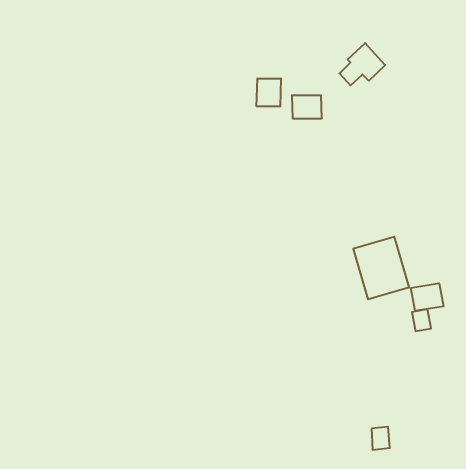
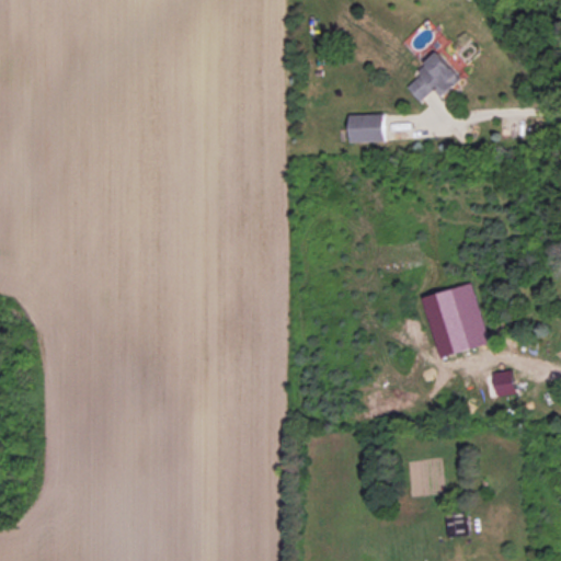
building: [257,78,281,106] -> none
building: [411,283,444,311] -> none

